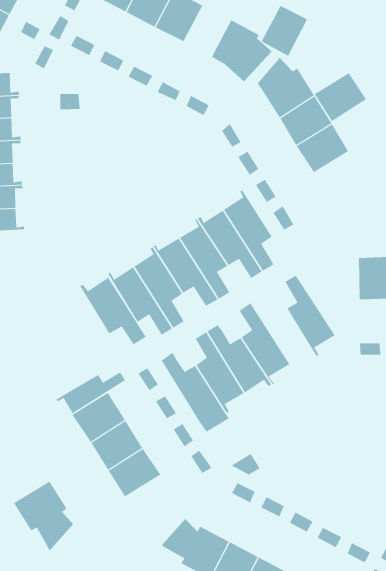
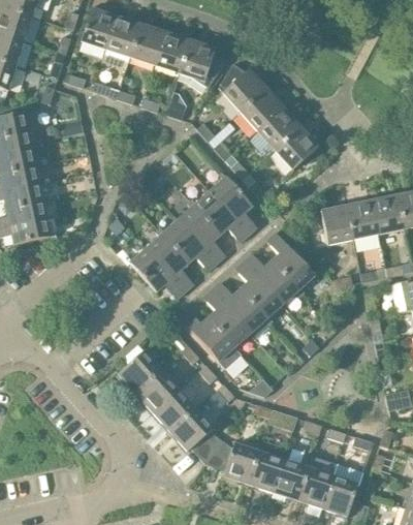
building: [261,5,308,57] -> [156,33,190,72]
building: [314,72,367,122] -> [276,128,318,169]
building: [79,277,147,345] -> none
building: none -> [244,253,303,304]
building: [55,372,126,414] -> none
building: [13,481,74,551] -> [170,408,221,464]

